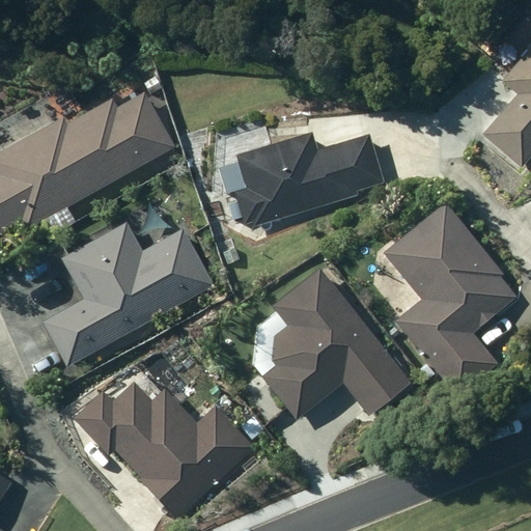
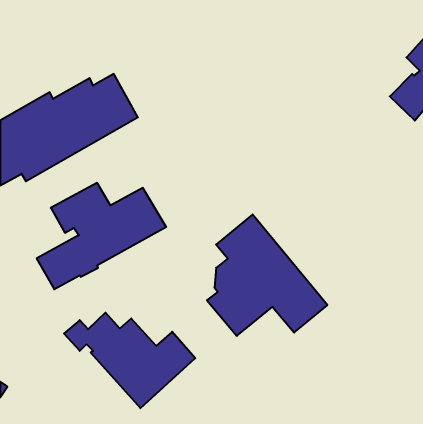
building: [232,133,386,226] -> none
building: [382,201,518,395] -> none

